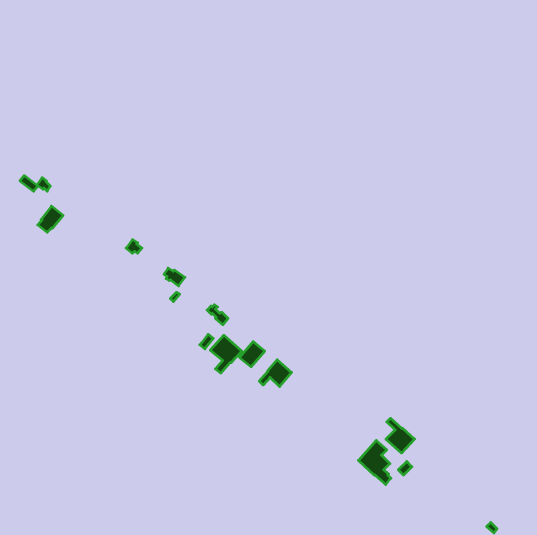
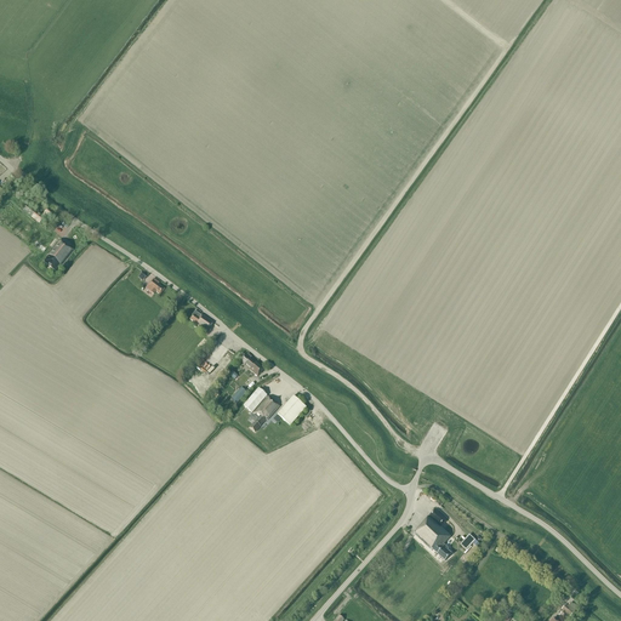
building: [259,360,292,387] -> none
building: [386,418,415,453] -> none

